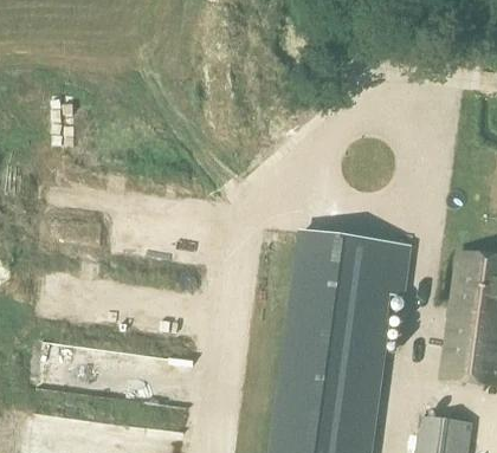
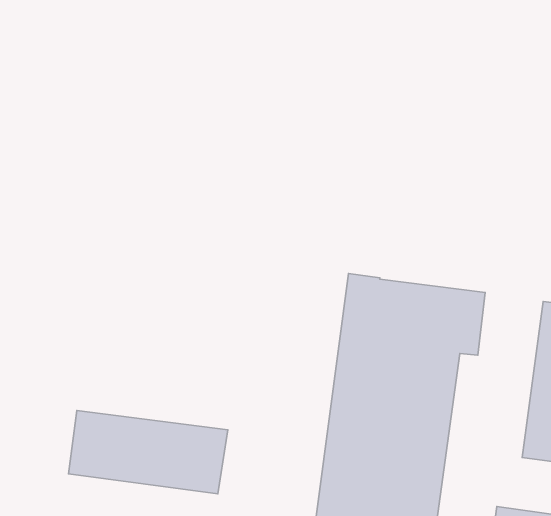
building: none -> [69,411,228,494]

